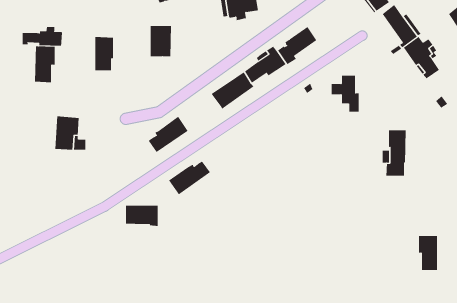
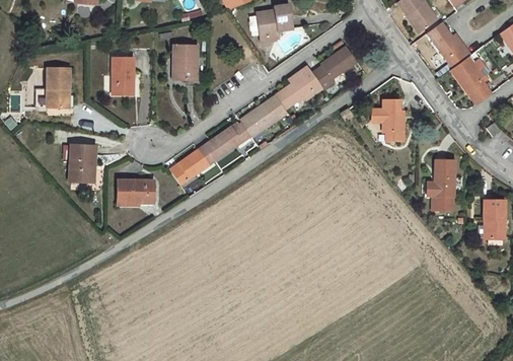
building: [22,26,63,46] -> none
building: [168,161,211,195] -> [205,123,251,160]
building: [125,205,158,226] -> [118,179,154,203]
building: [418,236,438,271] -> [484,200,505,238]

